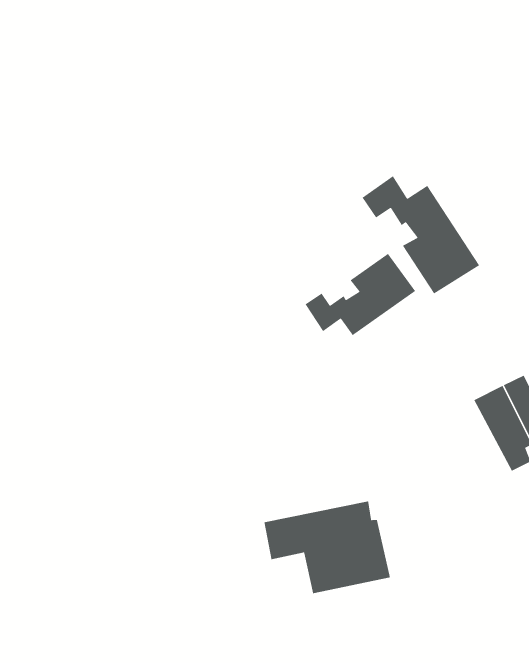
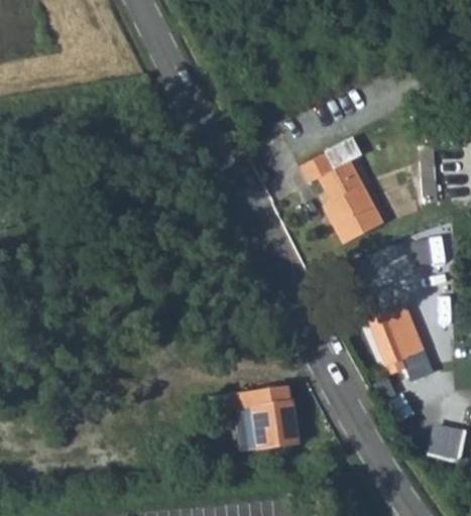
building: [305,253,416,336] -> none

